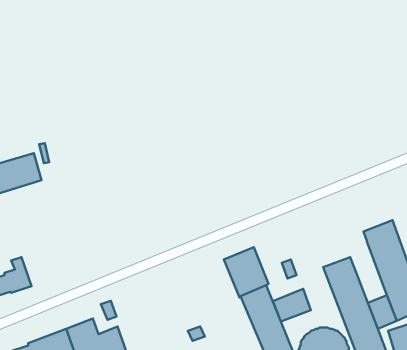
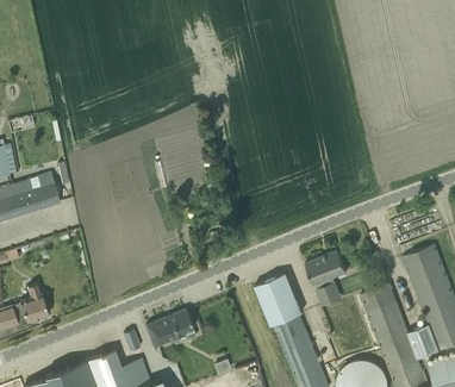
building: none -> [147,308,194,347]
building: [273,289,311,321] -> [306,250,347,285]

